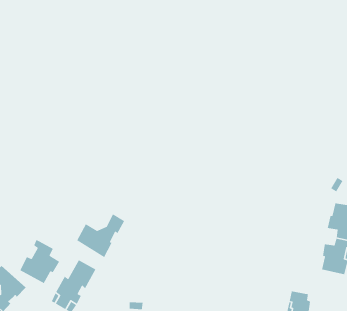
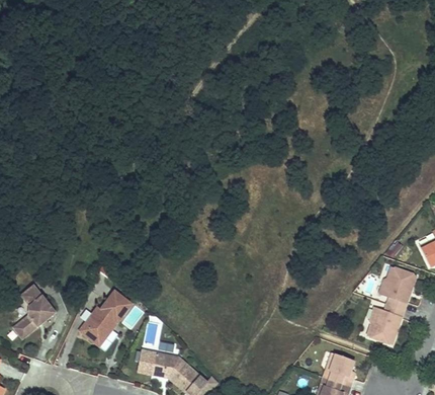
building: [76,213,125,258] -> none
building: [19,239,60,284] -> none

